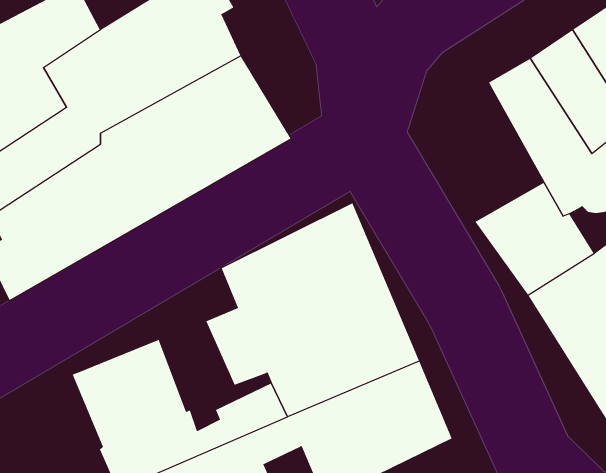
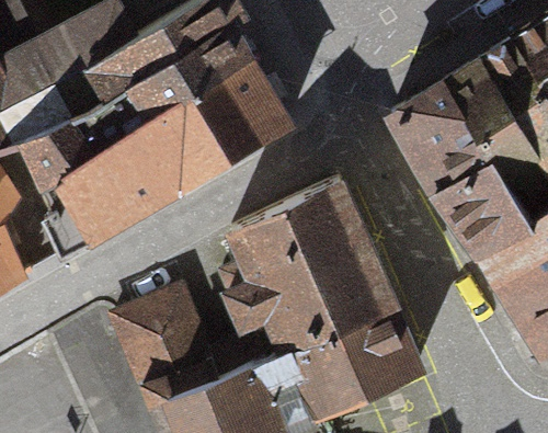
building: none -> [391,84,491,196]

